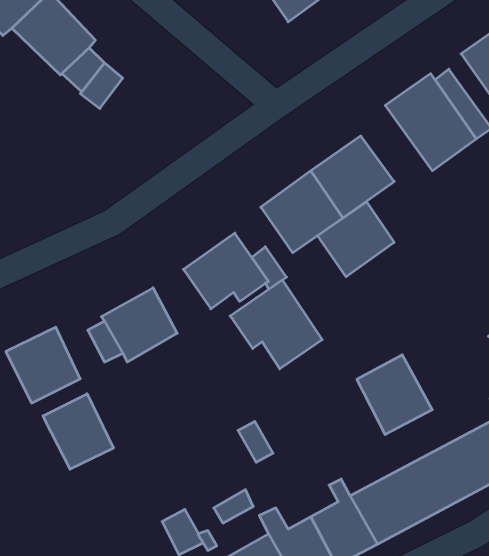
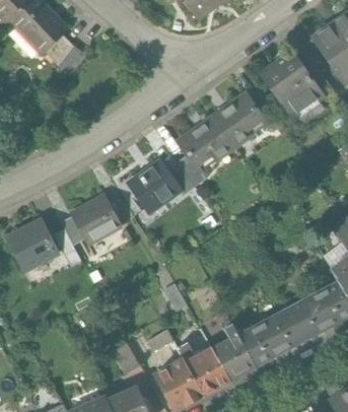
building: [317,202,394,277] -> none
building: [230,280,322,369] -> none
building: [357,355,432,435] -> none
building: [43,394,113,469] -> none

